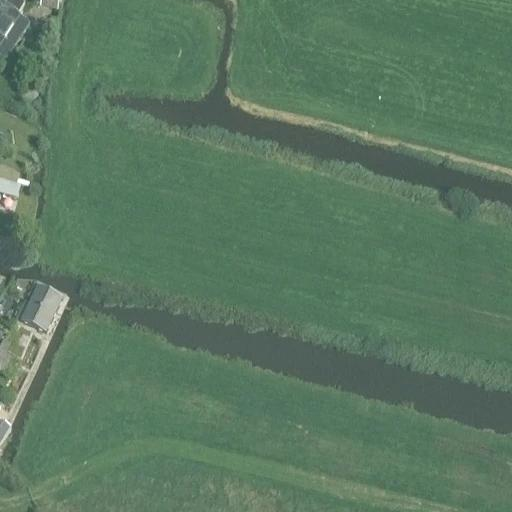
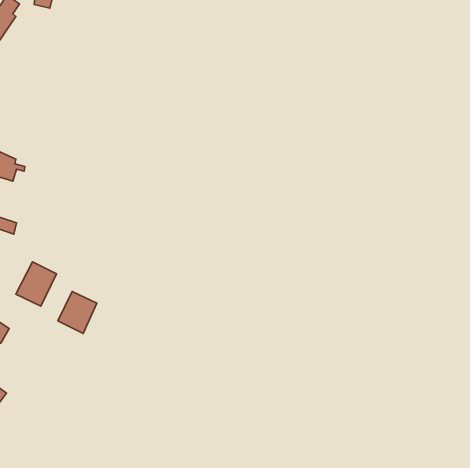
building: none -> [58,291,97,333]

